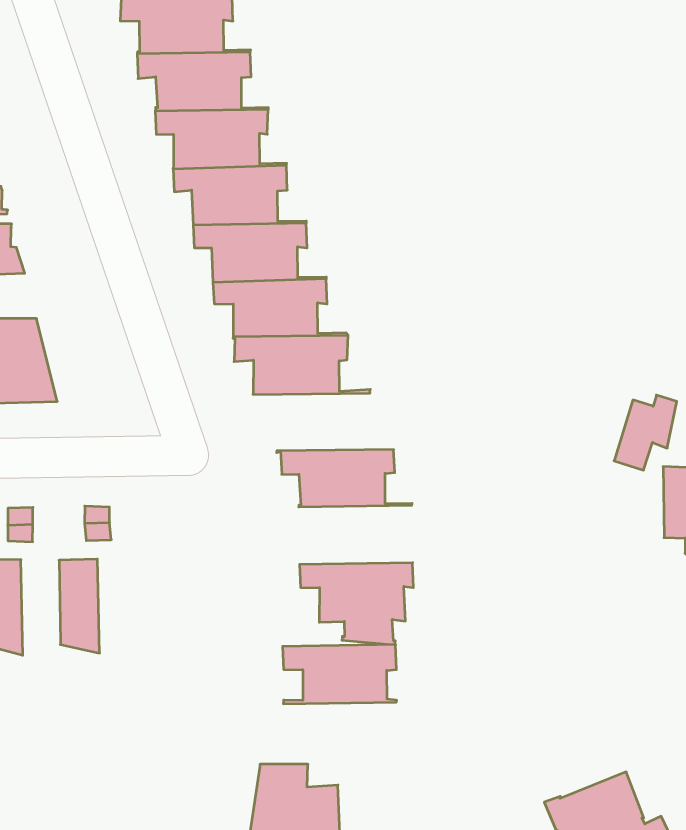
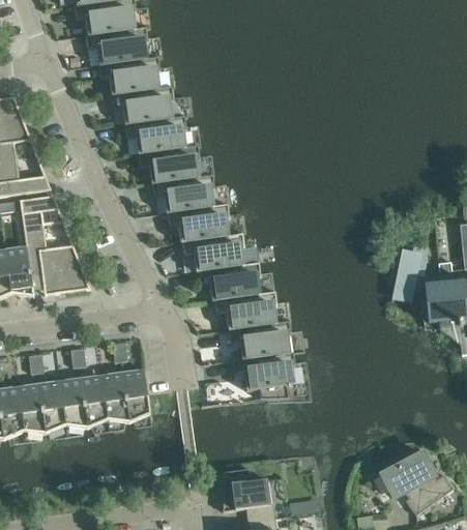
building: none -> [196,263,275,300]
building: none -> [122,367,151,421]
building: none -> [81,374,108,428]
building: [283,645,397,704] -> [228,321,293,360]

